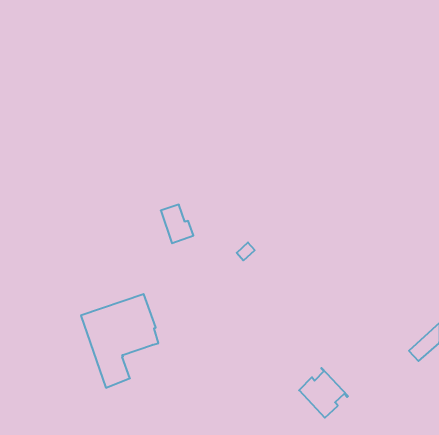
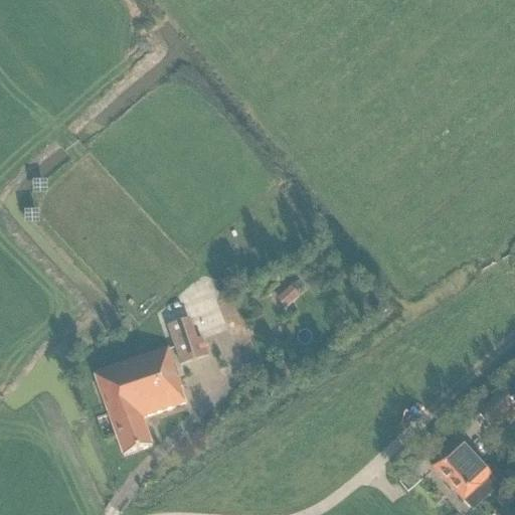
building: [161,205,193,243] -> [169,317,207,362]
building: [299,368,348,418] -> [435,440,492,498]

